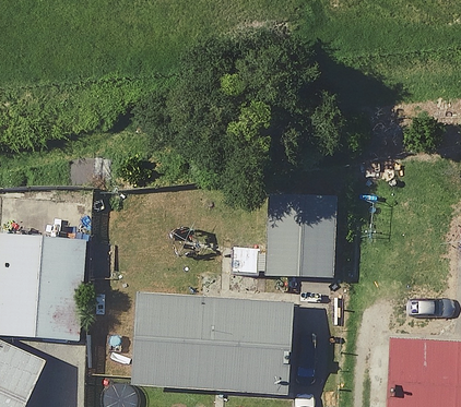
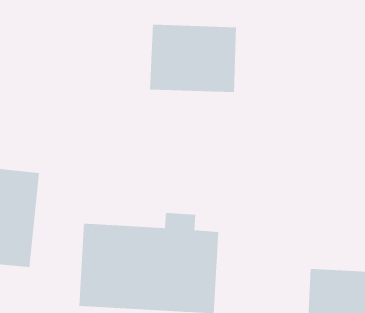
building: none -> [150,24,237,93]
building: [236,191,335,278] -> none

